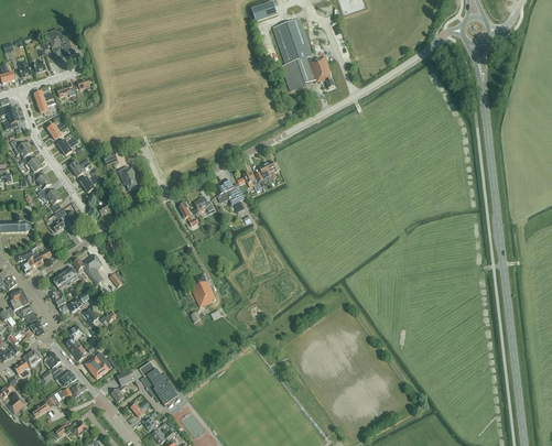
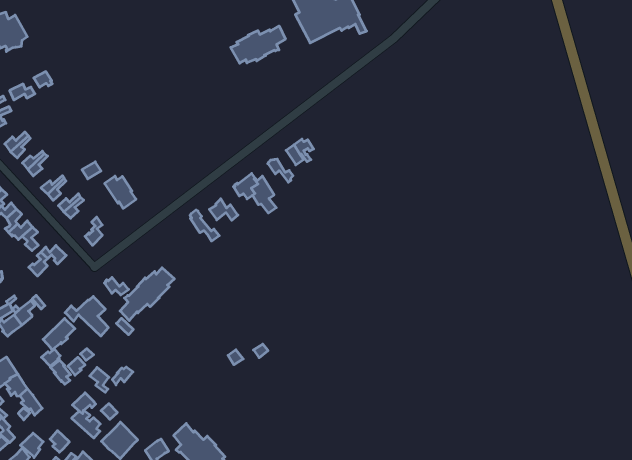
building: none -> [231,26,285,63]
building: none -> [120,268,174,321]
building: [188,273,215,306] -> none

